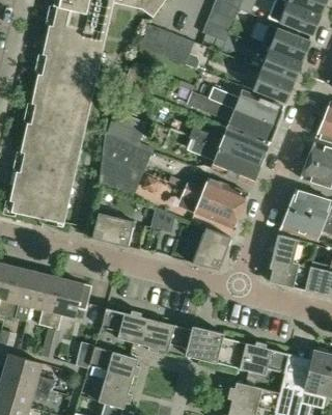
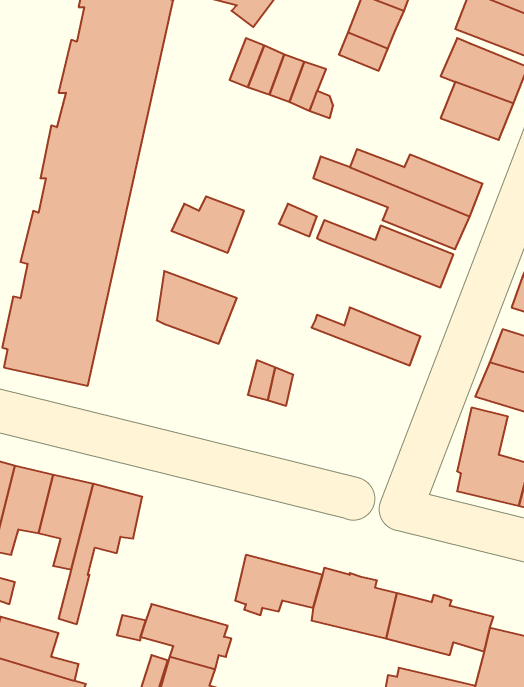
building: [251,70,293,103] -> none
building: [102,134,151,172] -> none
building: [187,139,259,185] -> none
building: [178,189,242,229] -> none
building: [91,213,134,247] -> none
building: [192,228,230,271] -> none
building: [101,308,148,344] -> none

